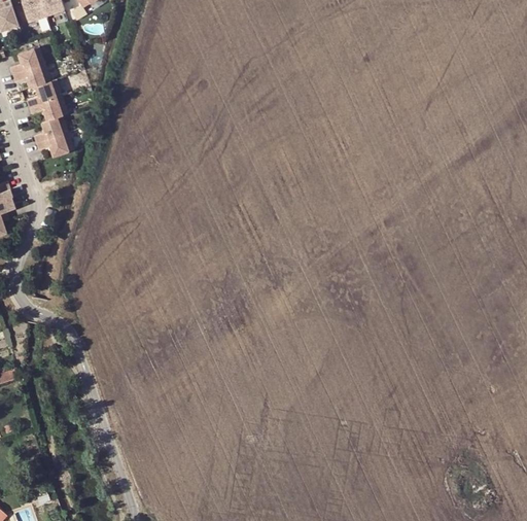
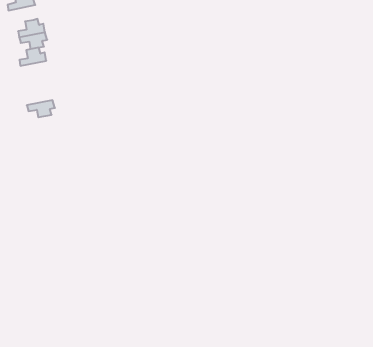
building: [12,63,48,88] -> none
building: [36,132,72,155] -> [27,100,55,117]

